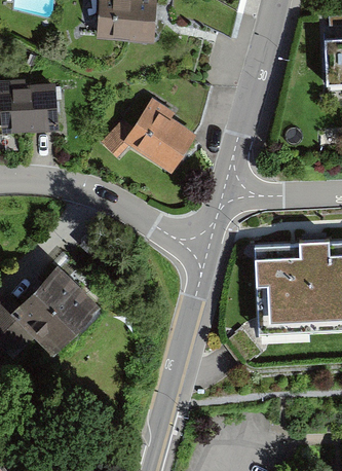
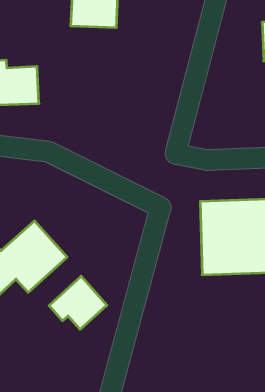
building: [104,102,202,175] -> none
building: none -> [49,276,107,329]

